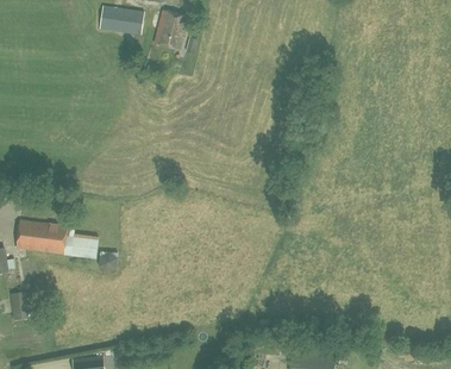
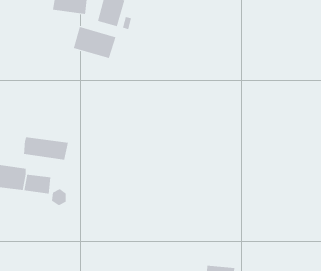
building: none -> [73,26,116,59]
building: none -> [23,137,68,160]

